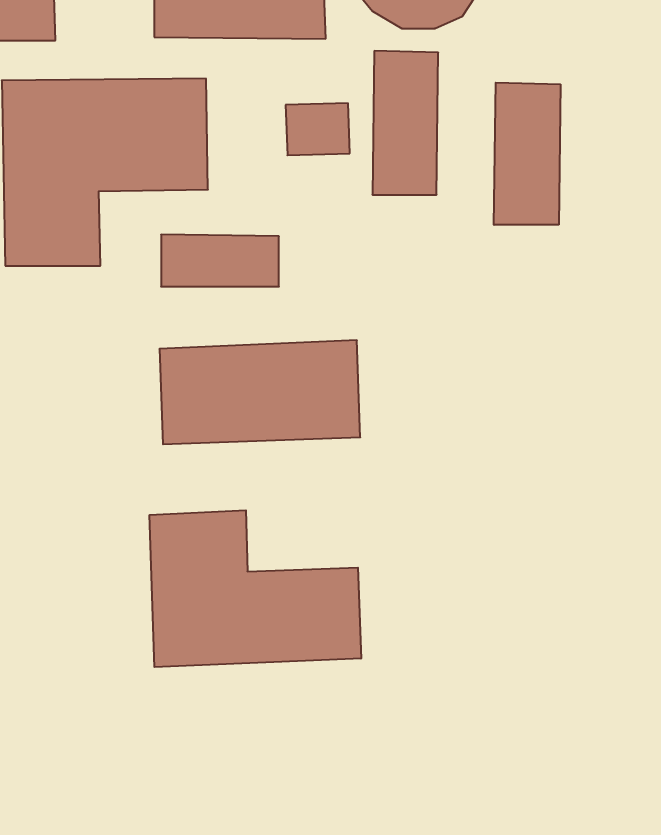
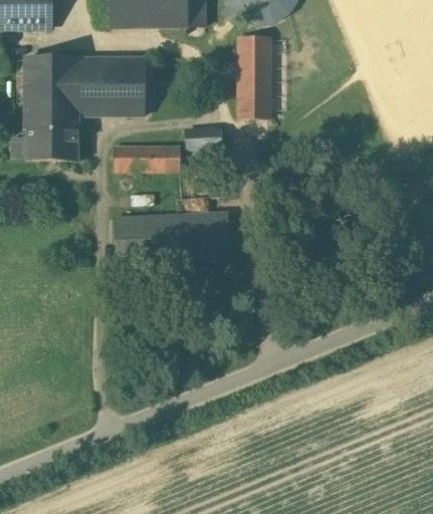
building: [494,83,560,225] -> none
building: [286,103,350,155] -> [186,127,223,158]
building: [150,510,361,667] -> none

